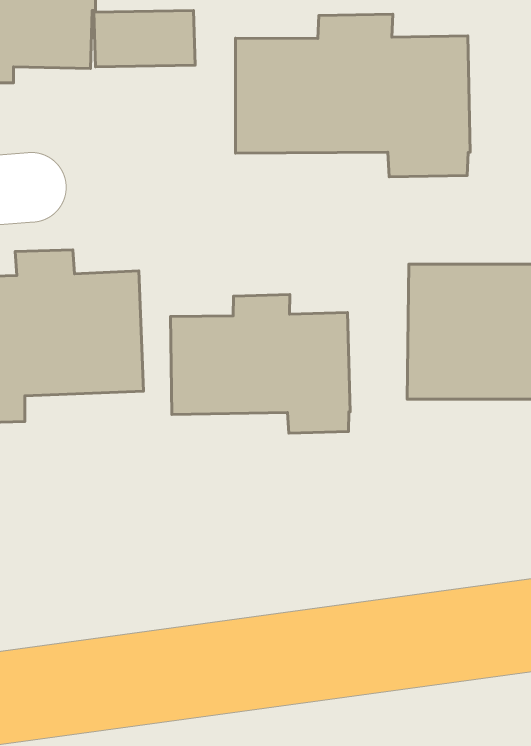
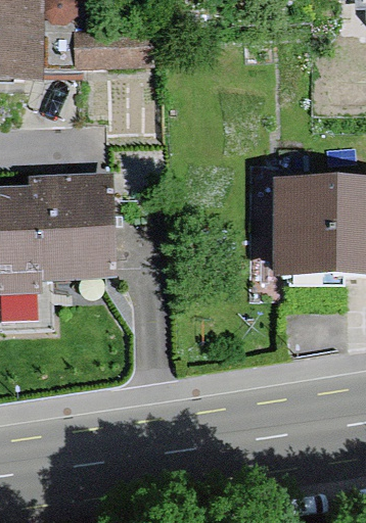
building: [236,14,470,177] -> none
building: [170,295,350,433] -> none

